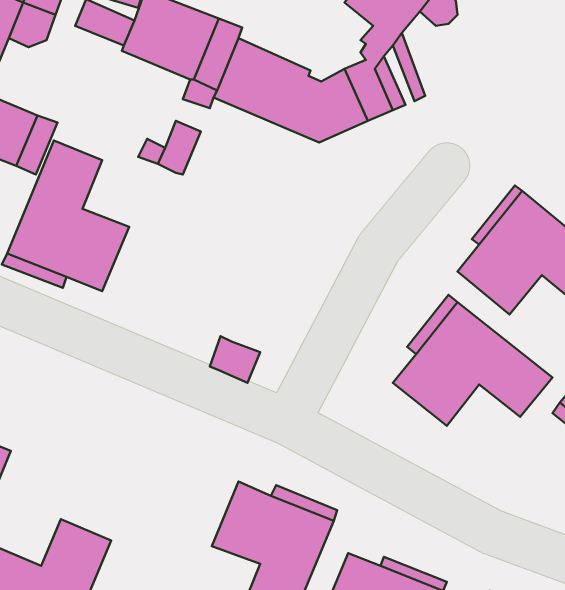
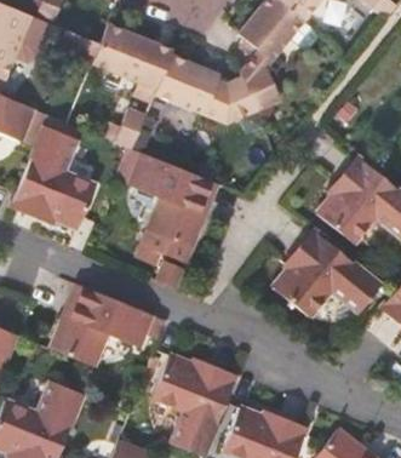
building: none -> [126,151,217,263]
building: none -> [50,285,154,367]

